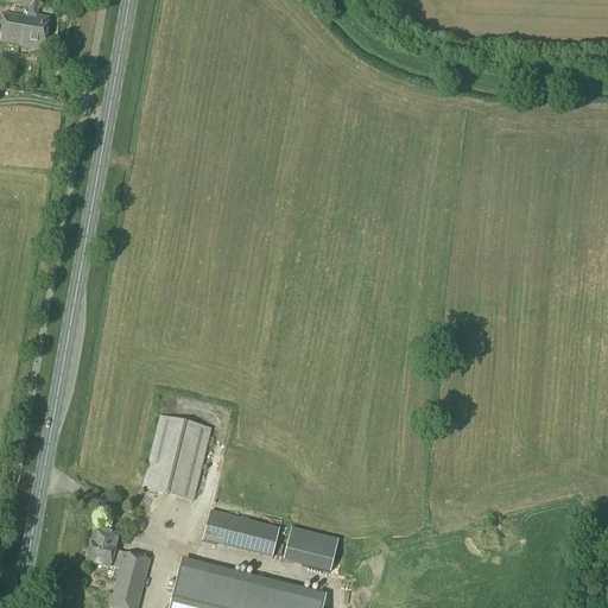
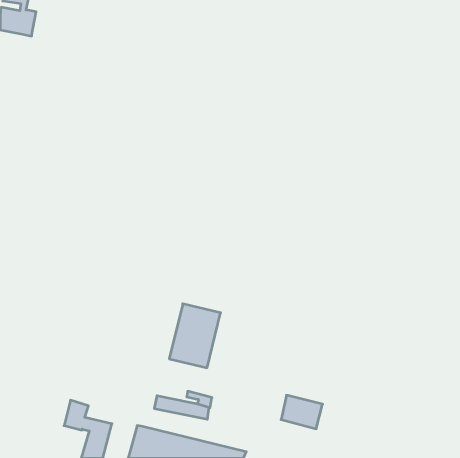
building: [142,414,210,499] -> [169,304,221,368]
building: [284,526,338,570] -> [281,395,323,429]

